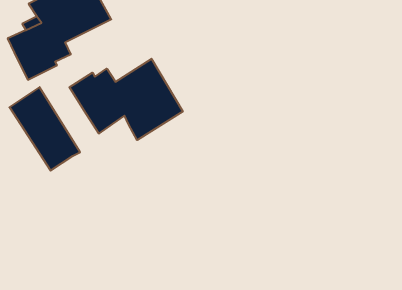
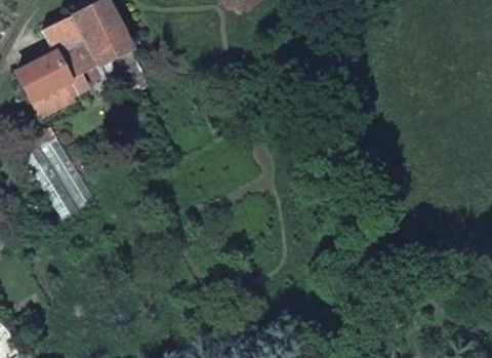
building: [69,59,183,140] -> none

